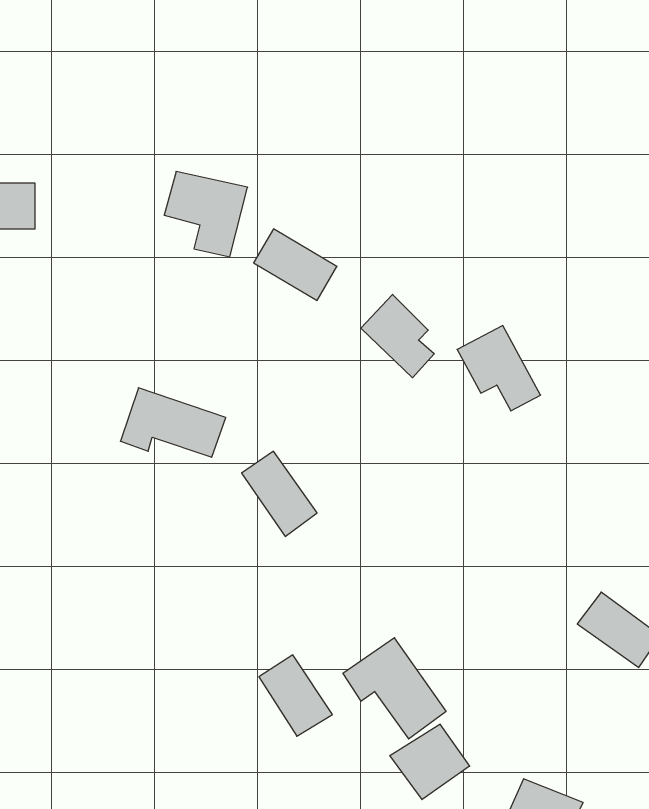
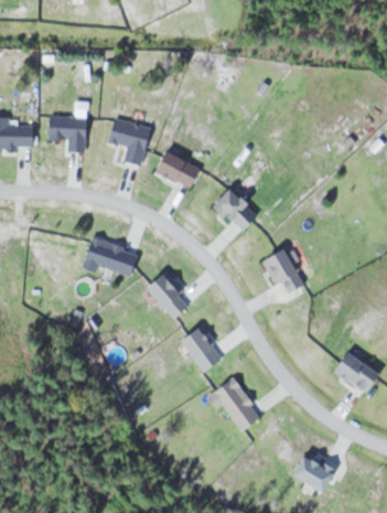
building: none -> [46,116,86,152]
building: [457,326,541,411] -> [259,248,305,296]
building: [259,655,332,736] -> [182,328,223,373]
building: [390,724,470,800] -> none

